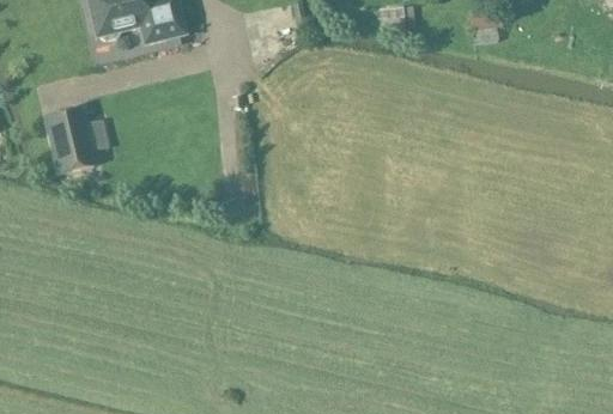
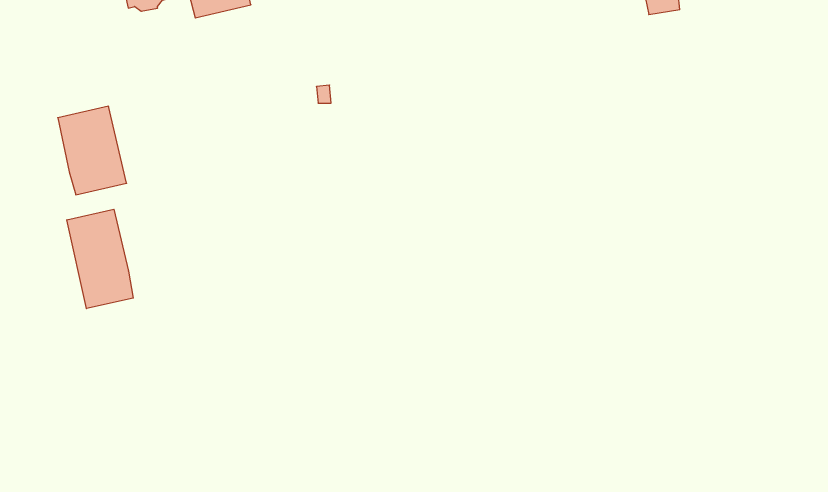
building: none -> [67,209,133,309]

